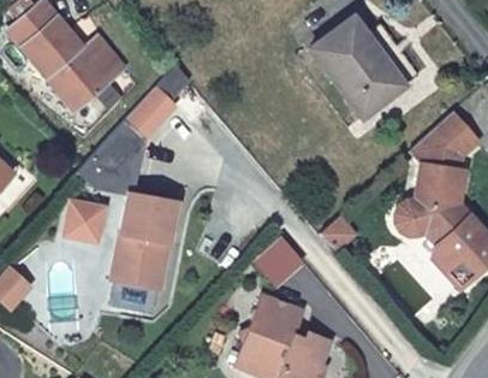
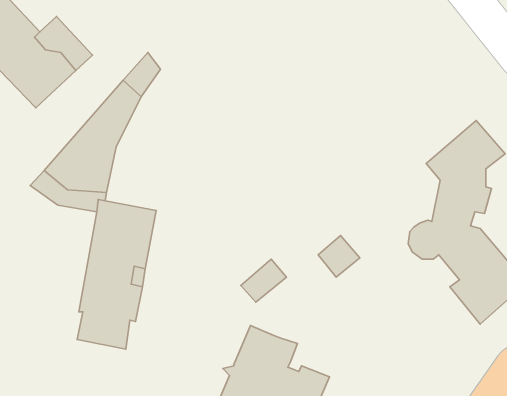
building: [313,20,407,128] -> none
building: [65,206,105,244] -> none

